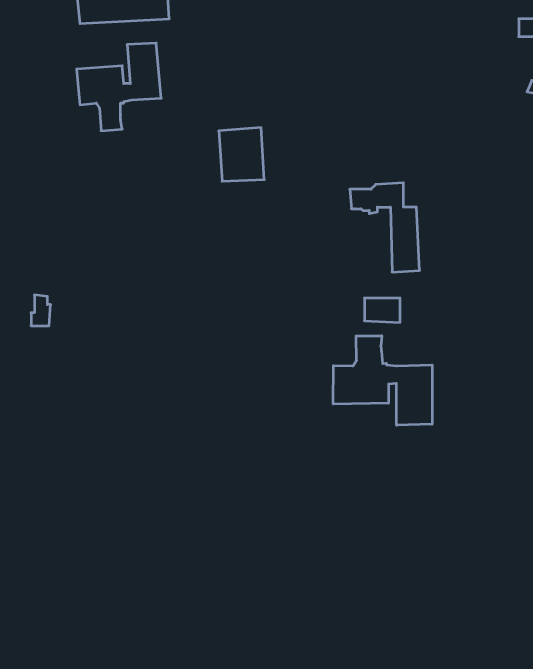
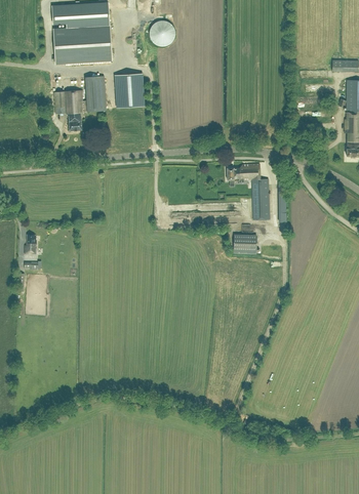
building: [219,128,264,181] -> [115,73,144,107]
building: [333,336,432,425] -> none

